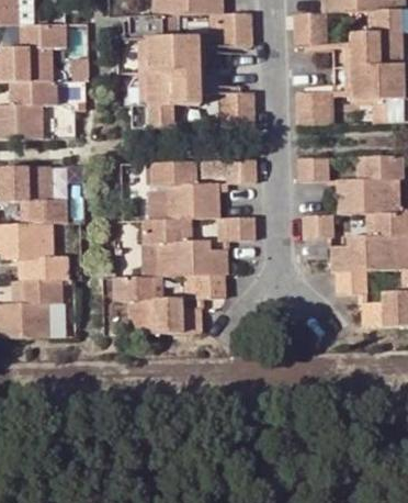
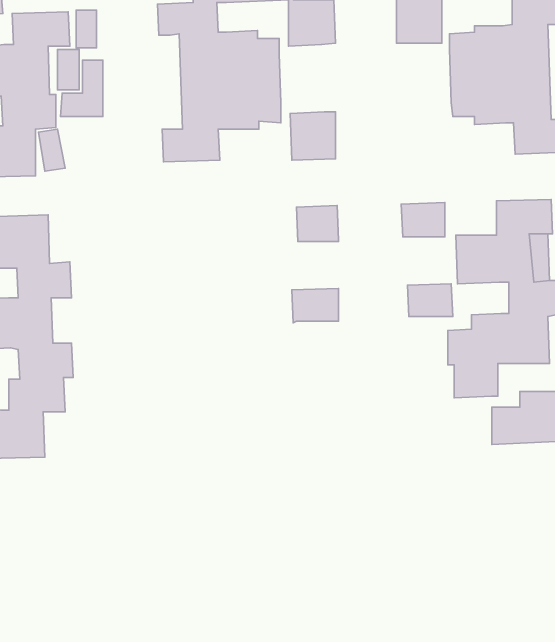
building: [296,92,329,125] -> none
building: [112,161,226,333] -> none

